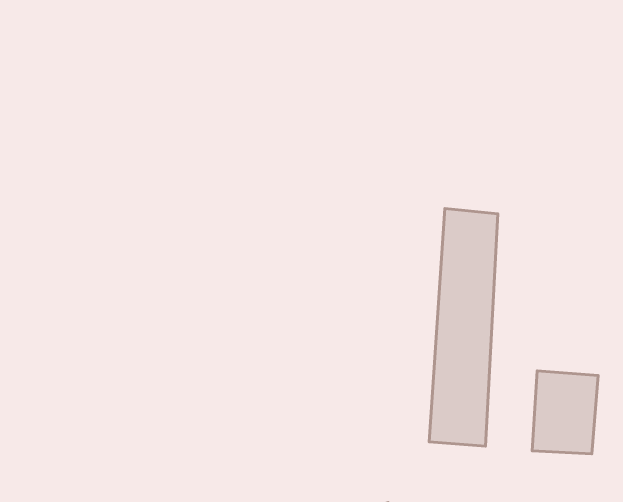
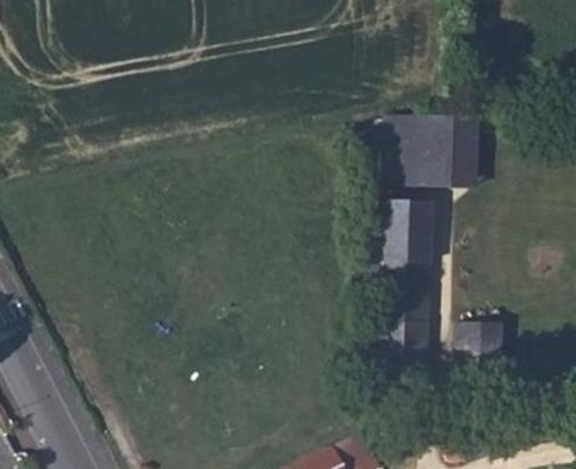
building: none -> [382,117,471,187]

